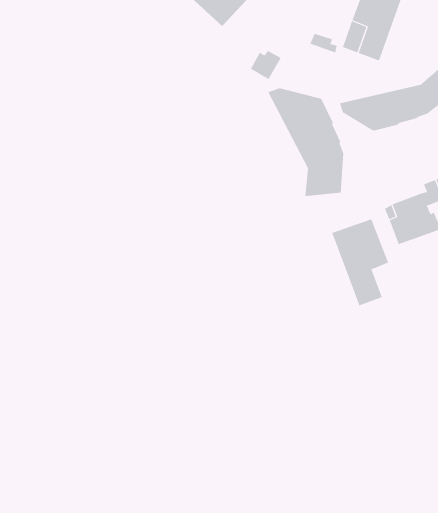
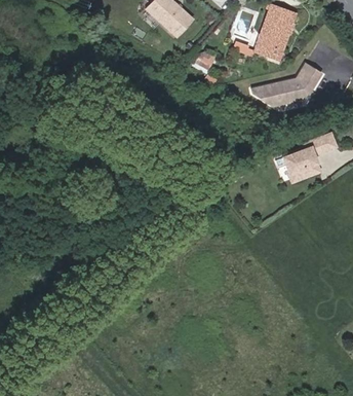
building: [268,87,344,197] -> none
building: [332,218,389,306] -> none

